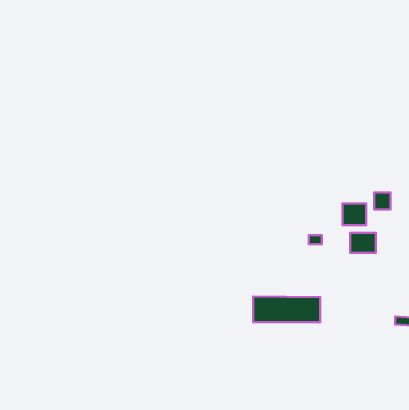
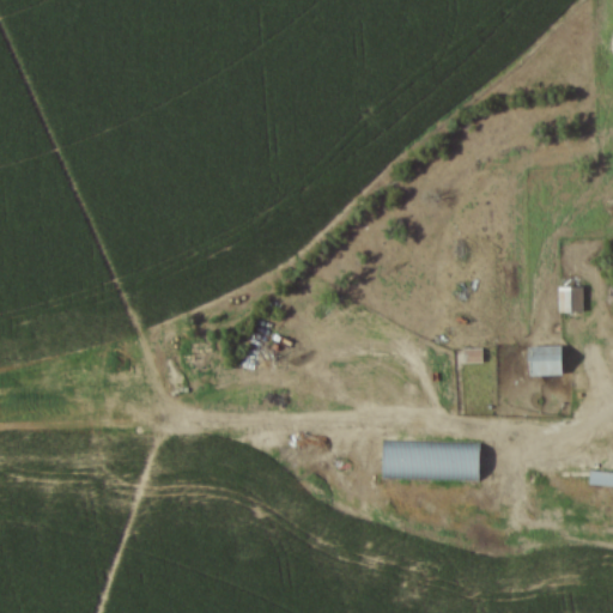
building: [343,203,366,225] -> none

